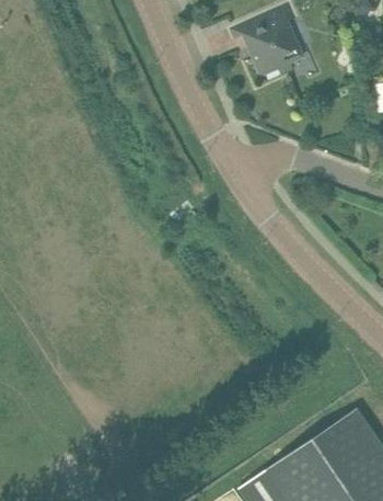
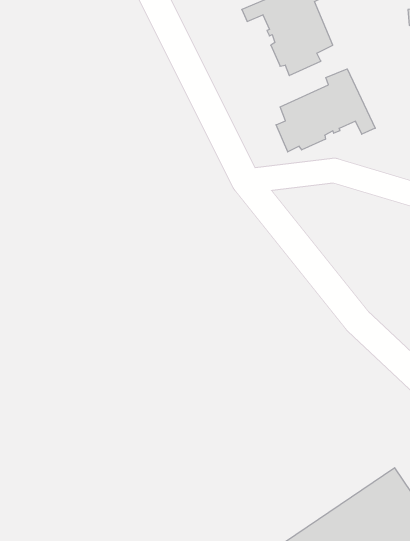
building: none -> [276,69,375,152]

